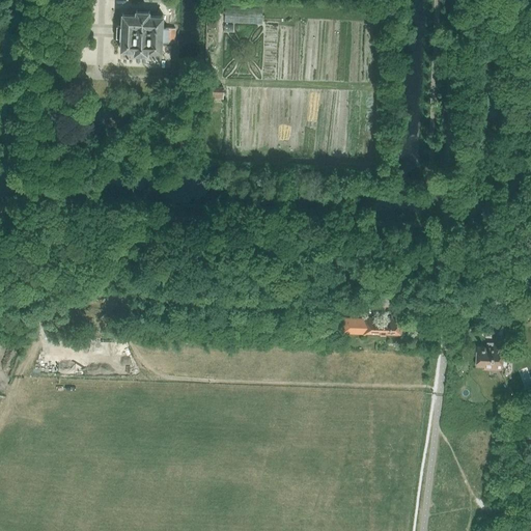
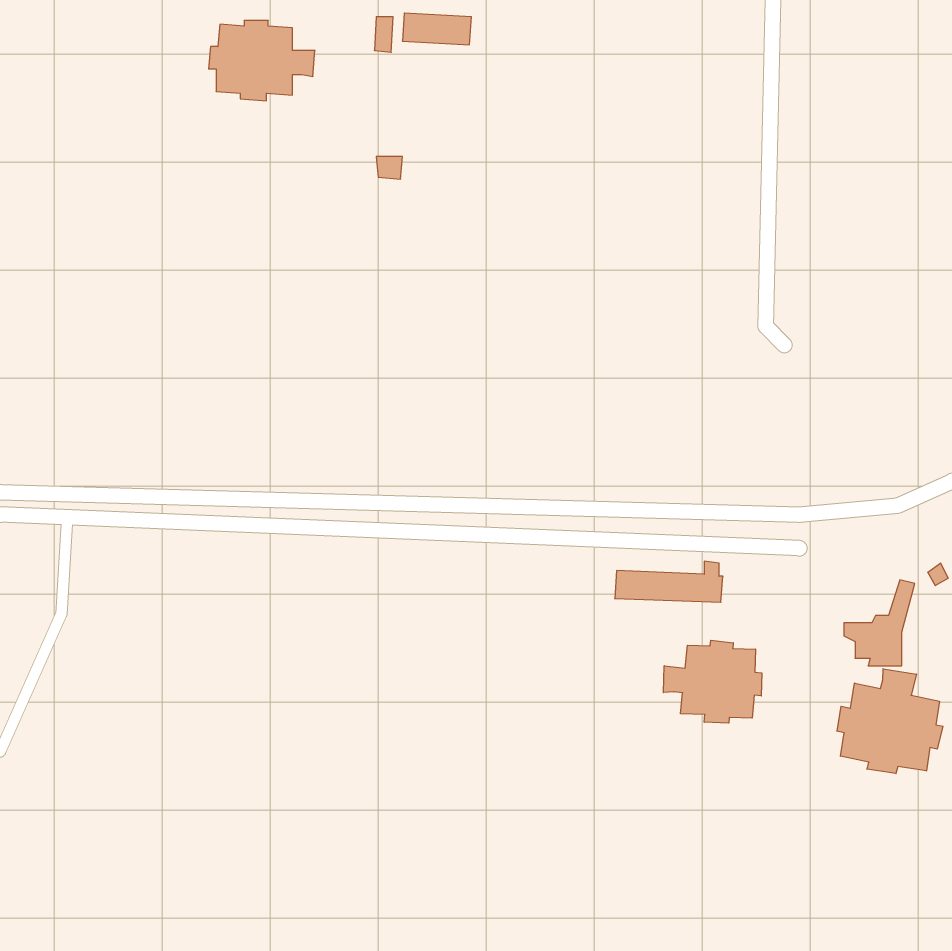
building: none -> [663,640,762,723]
building: none -> [837,669,943,774]

